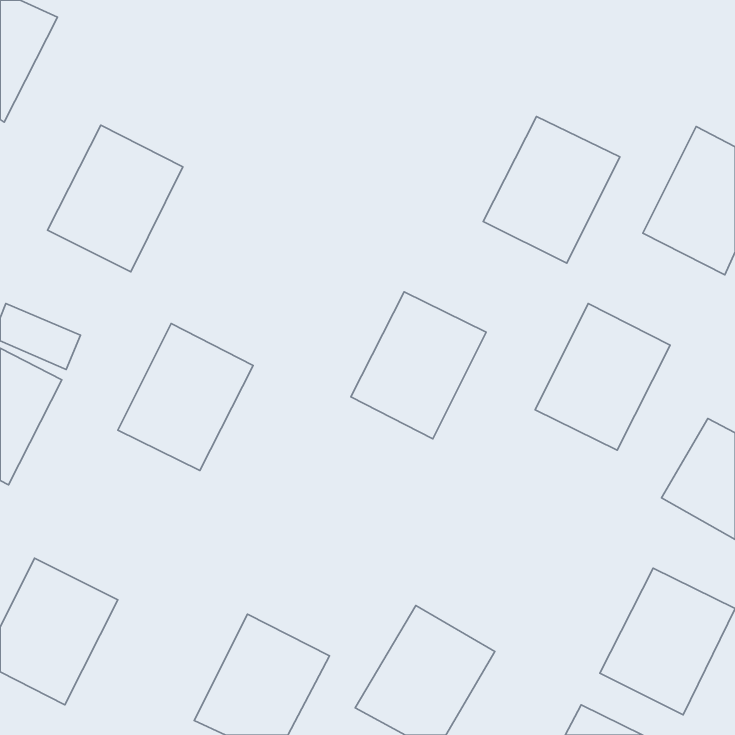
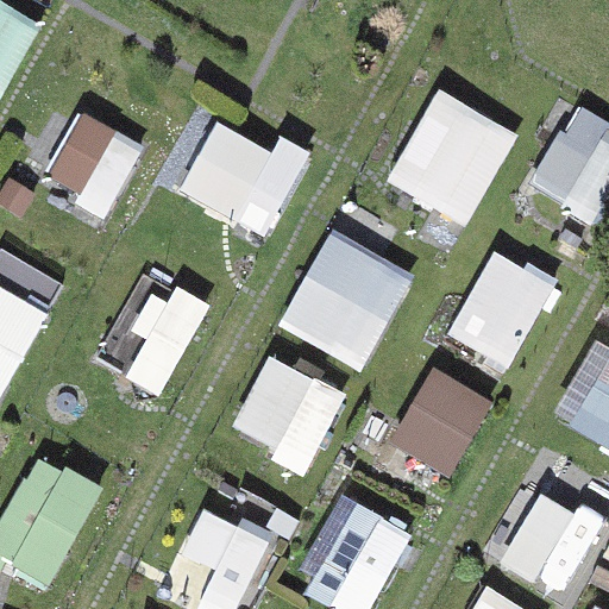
building: none -> [192,121,303,243]
building: none -> [232,358,344,479]
building: none -> [382,363,494,484]

